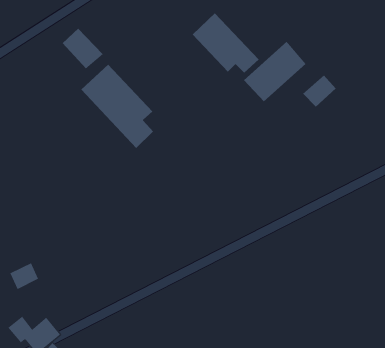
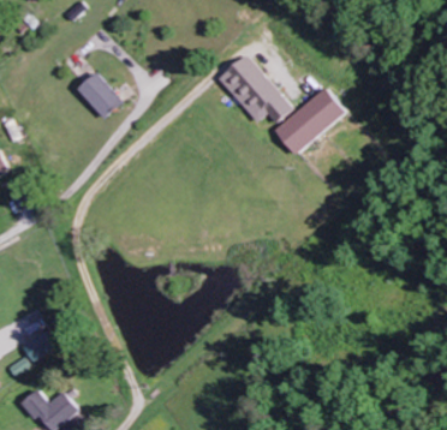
building: [81,64,154,149] -> none
building: [302,74,337,108] -> none

